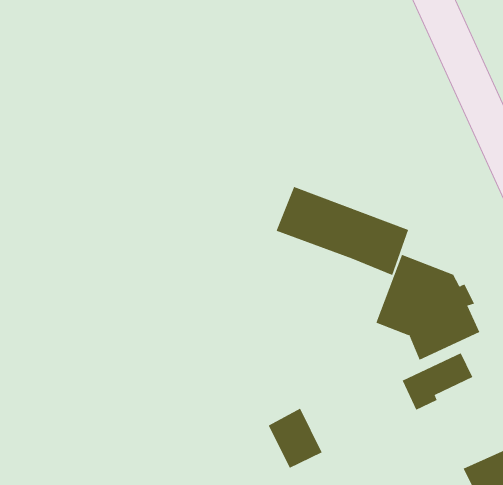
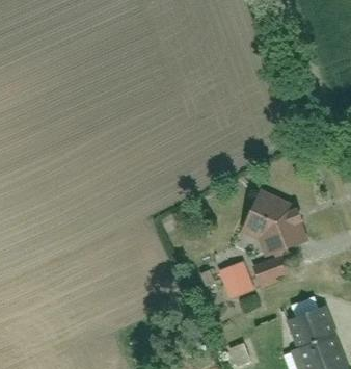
building: [276,186,409,276] -> none
building: [268,408,323,468] -> [220,260,252,296]

